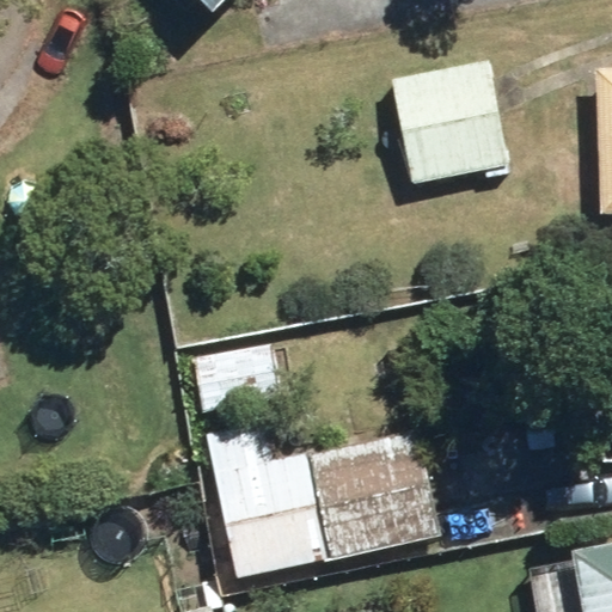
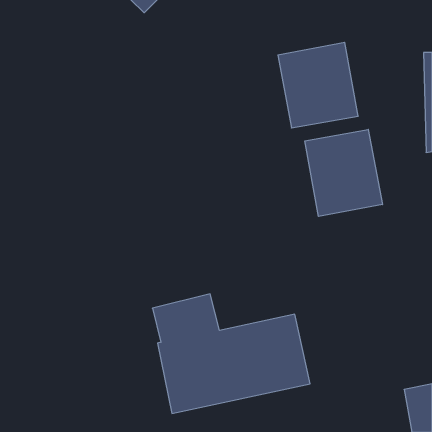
building: none -> [305,129,382,216]

